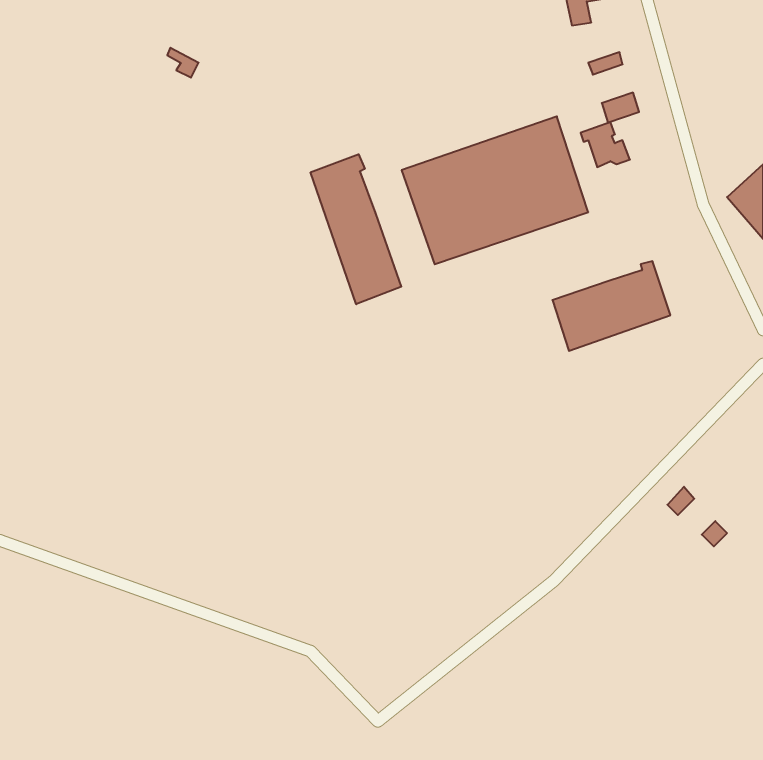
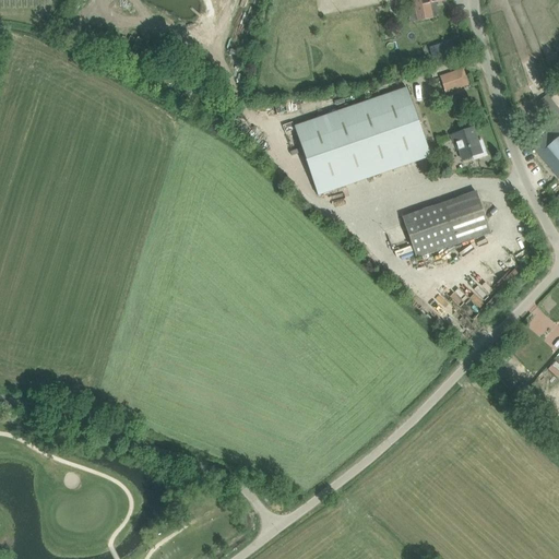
building: [581,122,630,167] -> [451,126,487,158]
building: [311,154,401,304] -> none

